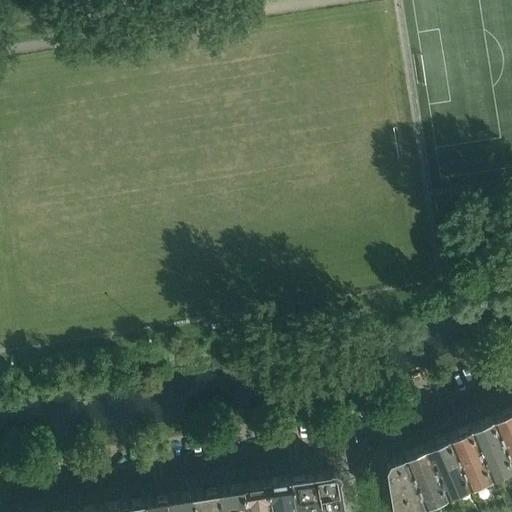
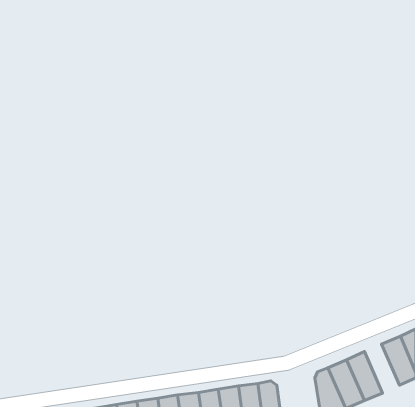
building: [449,434,492,494] -> none

